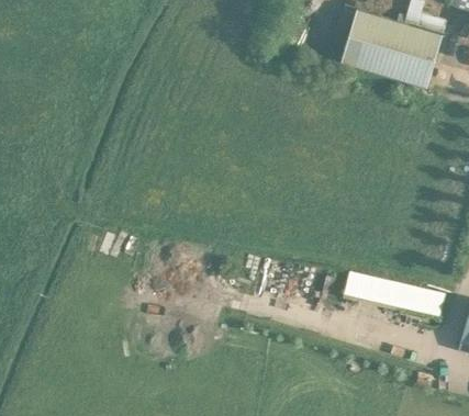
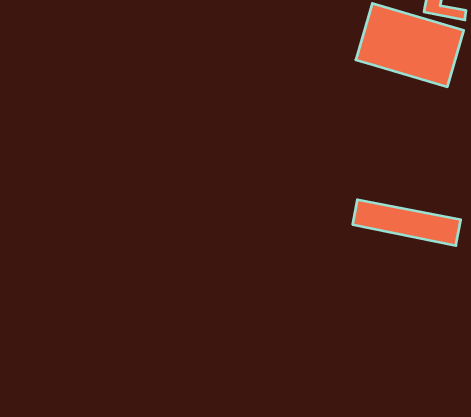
building: [343,272,444,315] -> [353,200,461,246]

